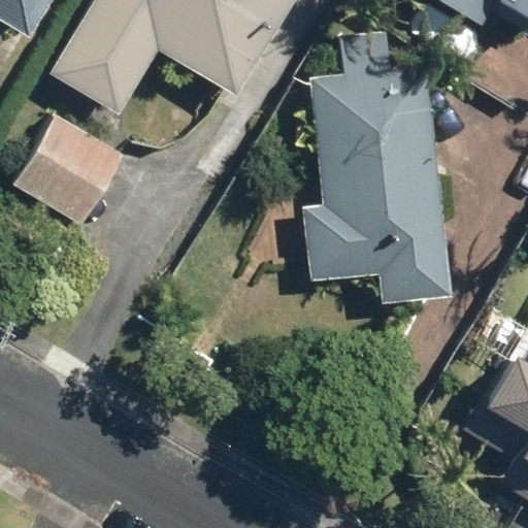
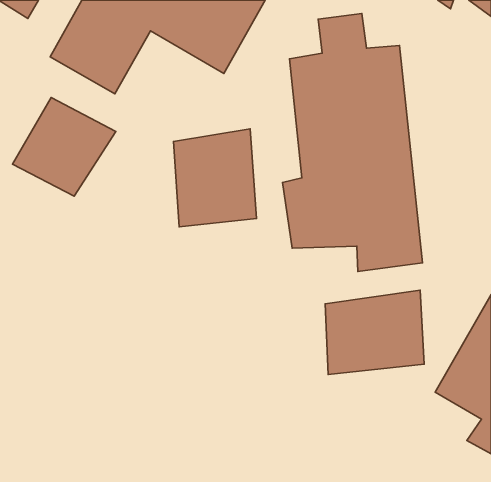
building: none -> [173,129,257,227]
building: none -> [325,290,424,375]

